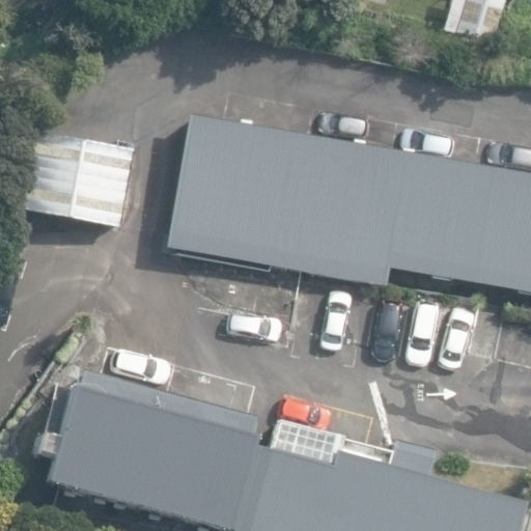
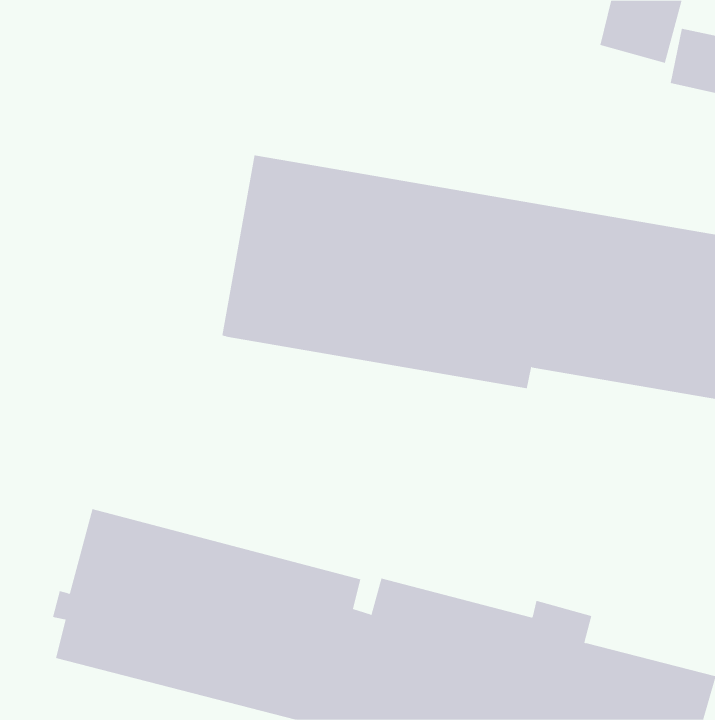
building: [21,134,135,230] -> none

